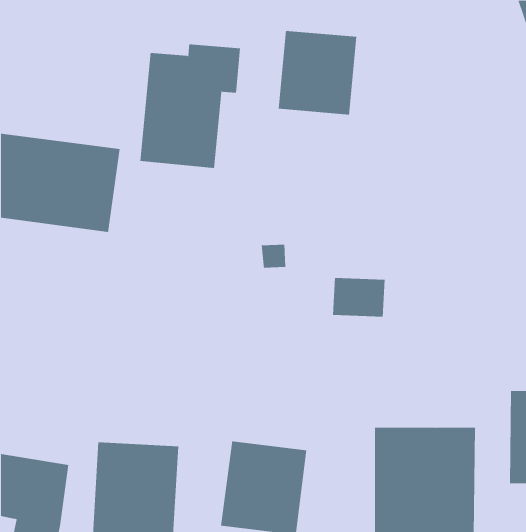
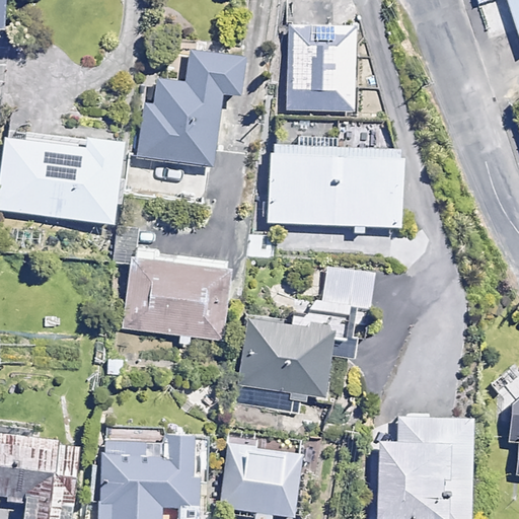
building: none -> [281,137,409,221]
building: none -> [117,256,233,351]
building: none -> [242,319,339,400]

